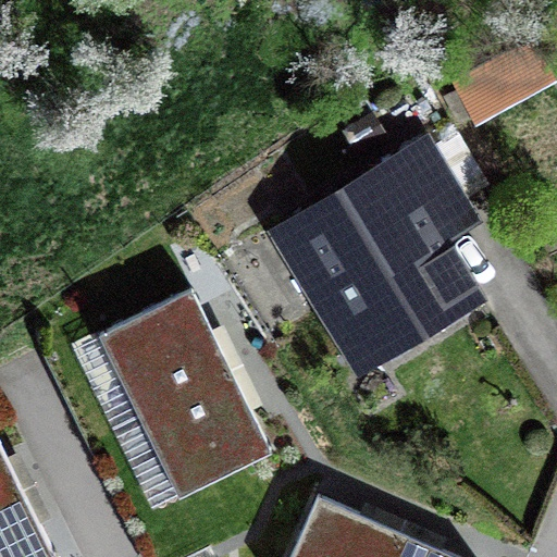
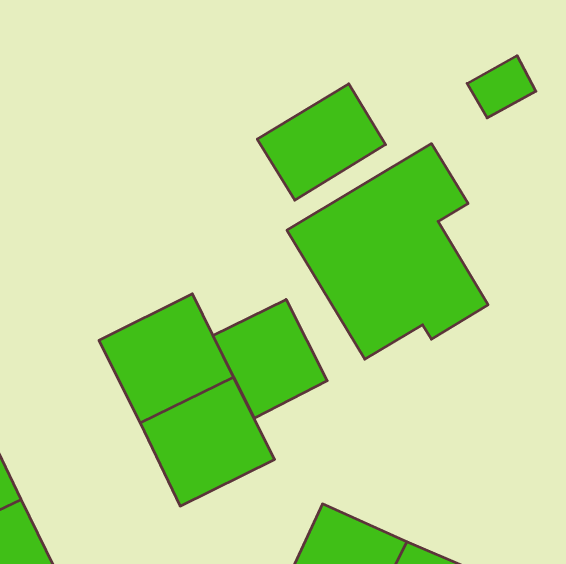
building: none -> [257,84,386,200]
building: none -> [213,299,327,418]

